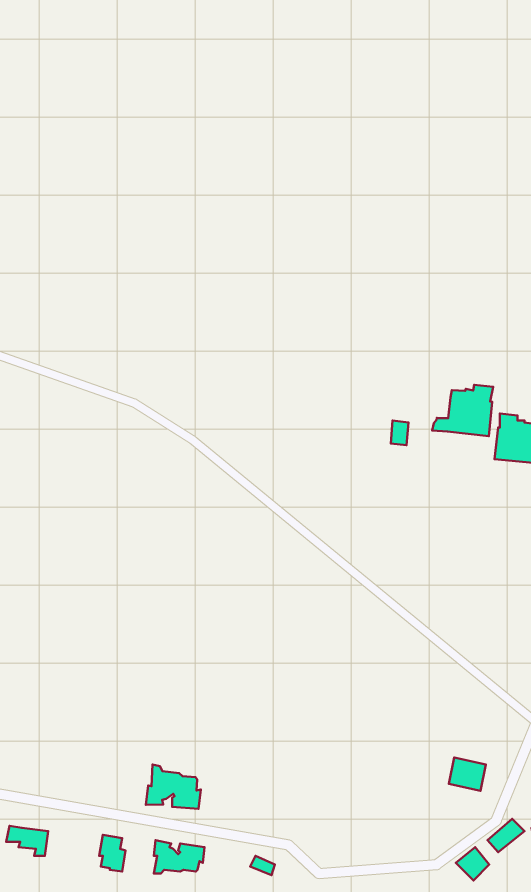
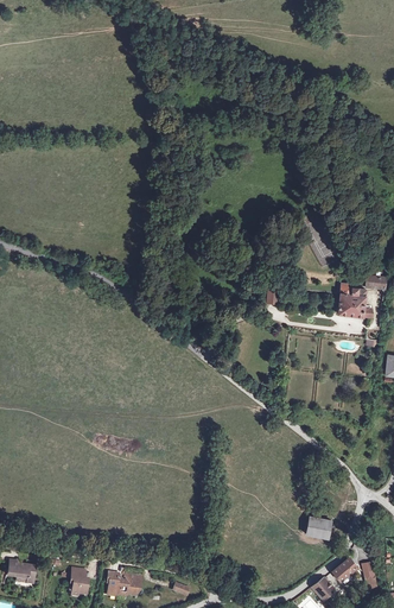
building: [432,385,493,436] -> none
building: [146,764,201,809] -> none

